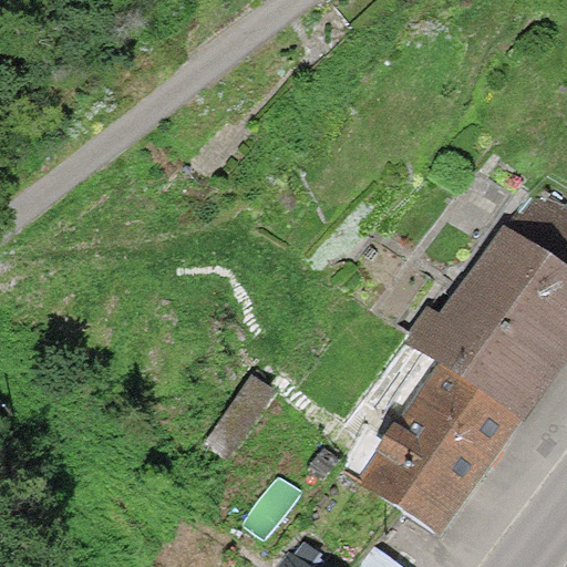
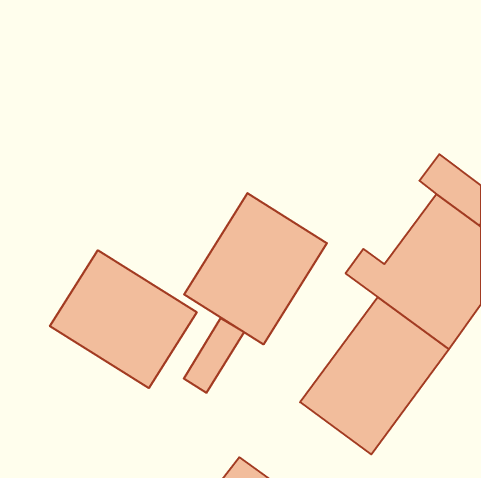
building: none -> [184,193,327,344]
building: none -> [50,250,197,388]

